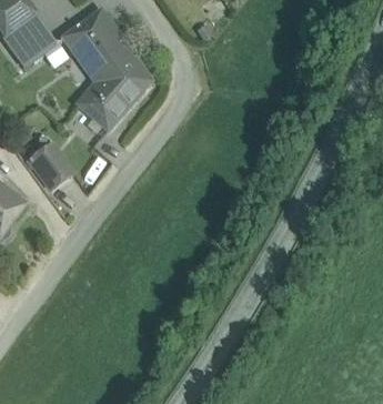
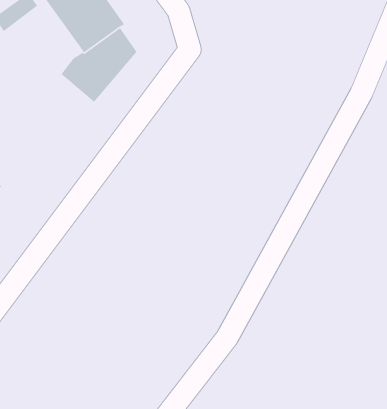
building: [30,144,73,188] -> none

